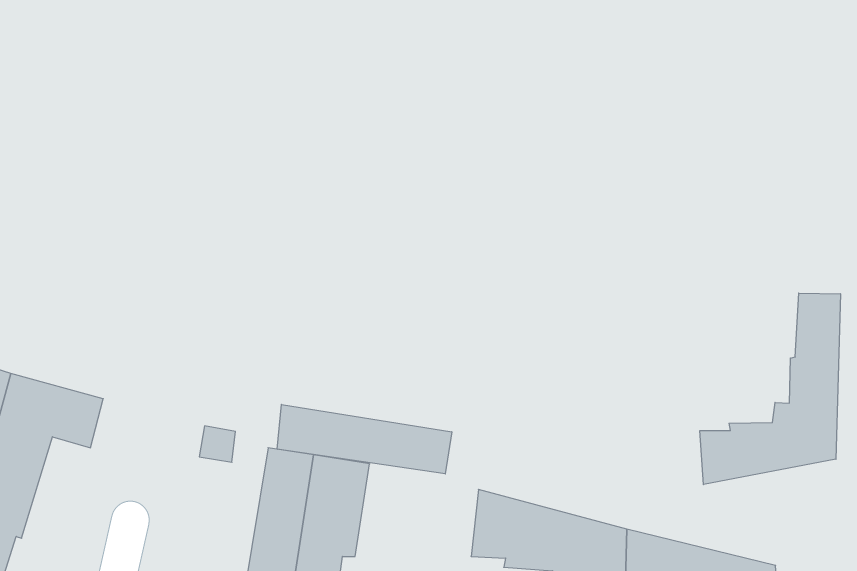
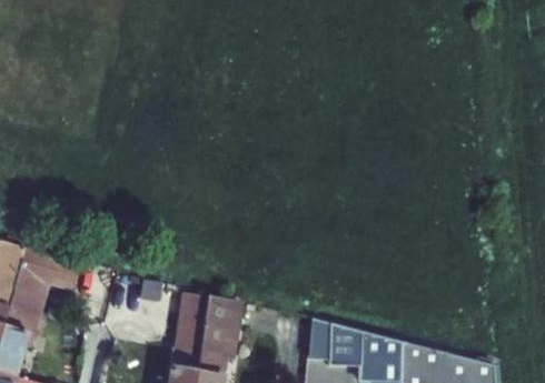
building: [700,293,840,485] -> none
building: [277,404,452,474] -> none

